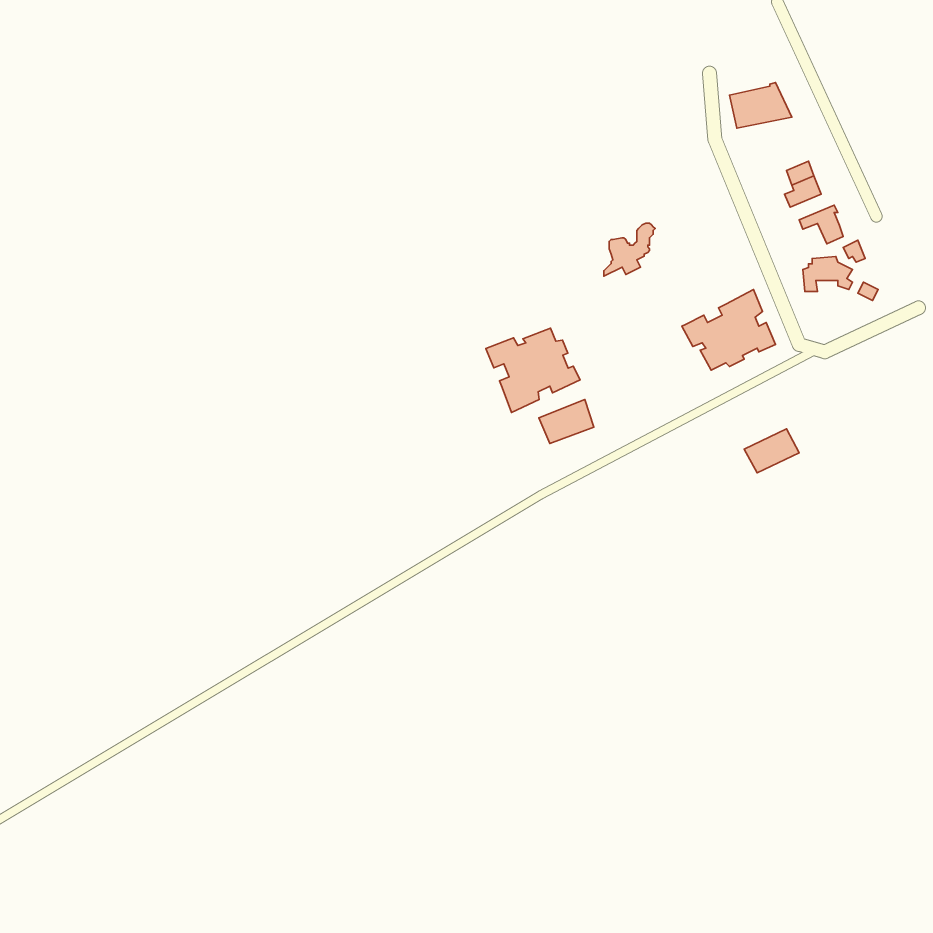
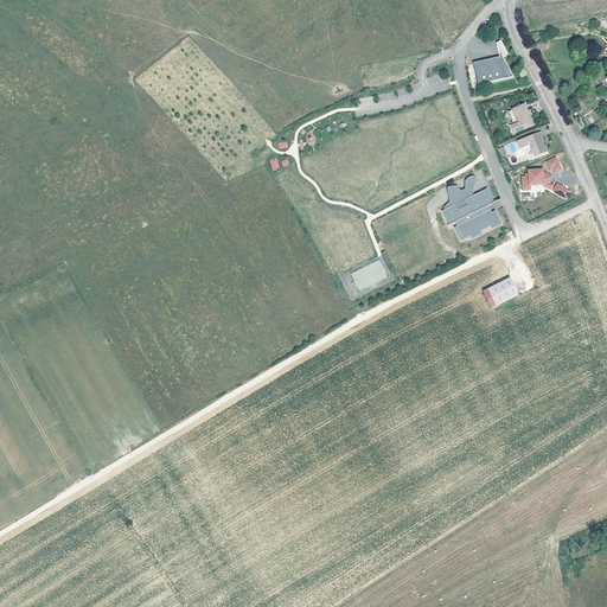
building: [604,223,655,276] -> [443,175,477,210]
building: [486,328,580,413] -> none

